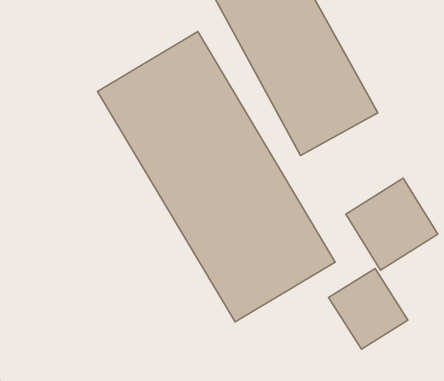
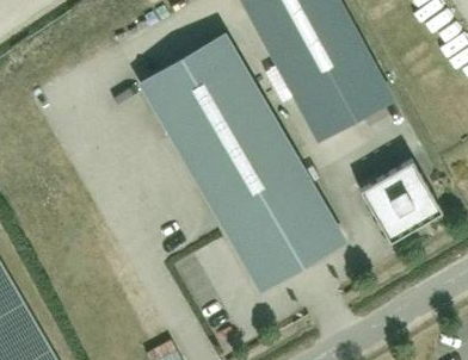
building: [329,268,408,349] -> none

